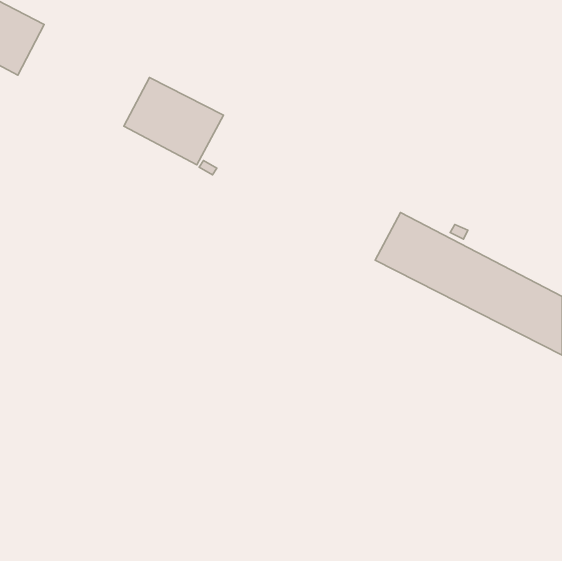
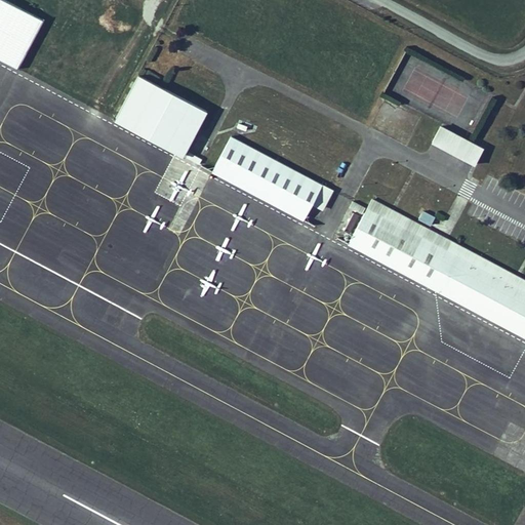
building: none -> [433,126,482,163]
building: none -> [210,135,333,227]

